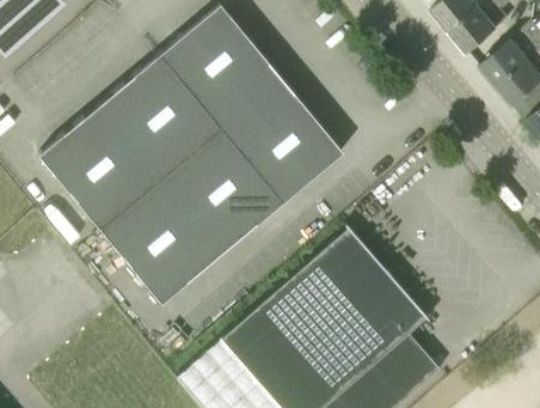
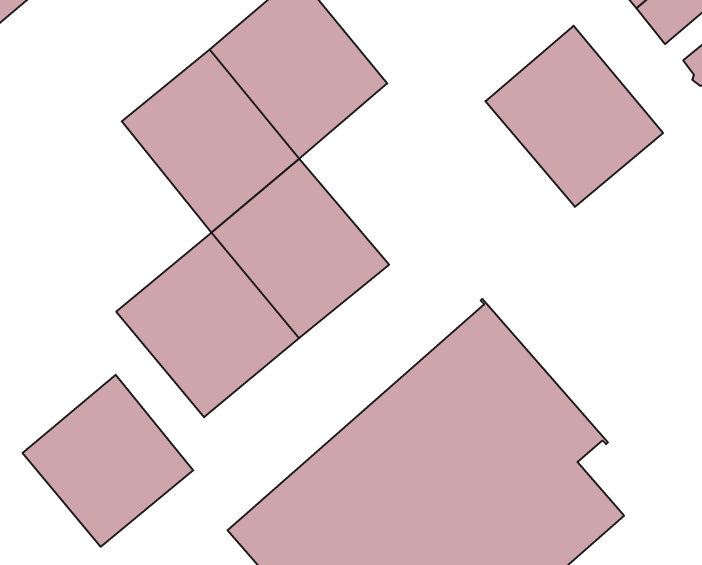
building: [223,80,342,201] -> [485,26,663,207]
building: [39,105,165,232] -> none
building: none -> [23,375,193,547]

